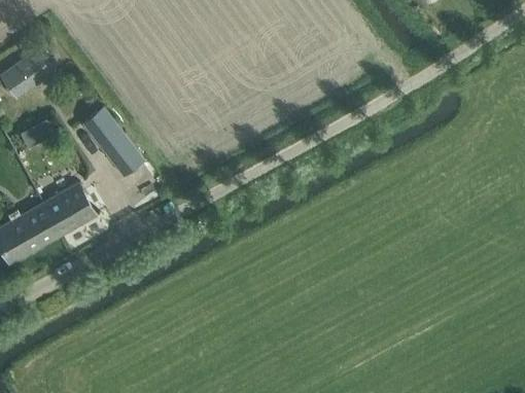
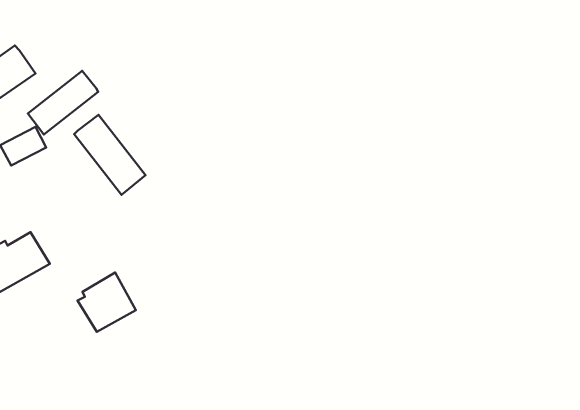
building: none -> [28,71,98,135]
building: [45,184,95,235] -> [78,273,136,332]

